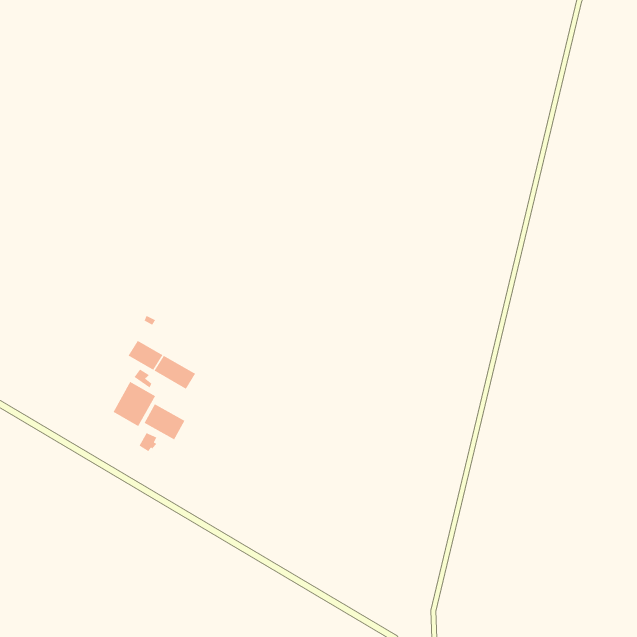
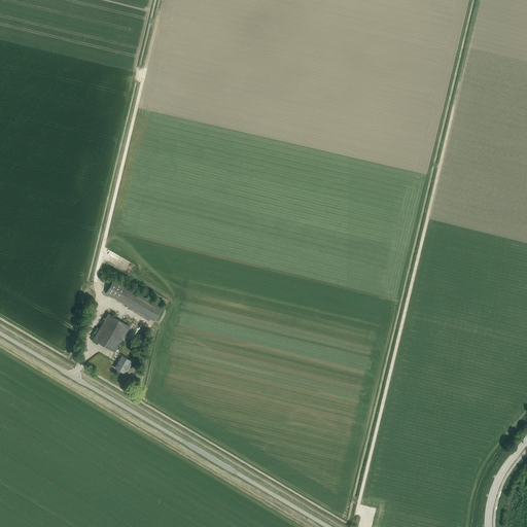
building: [144,403,185,440] -> none

